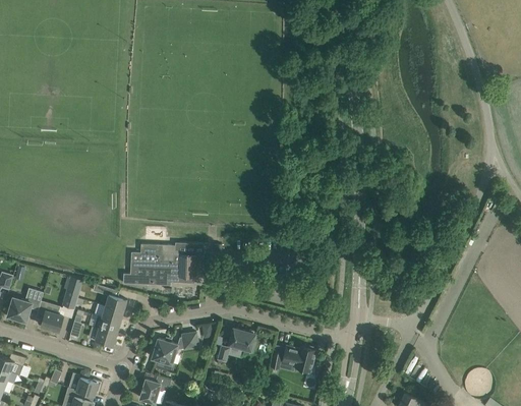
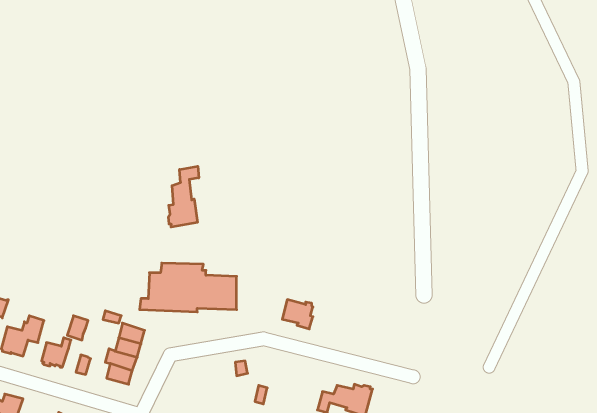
building: none -> [169,166,199,227]
building: [229,329,254,353] -> [282,300,313,329]
building: [151,333,197,364] -> none

